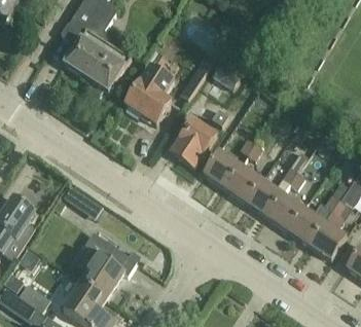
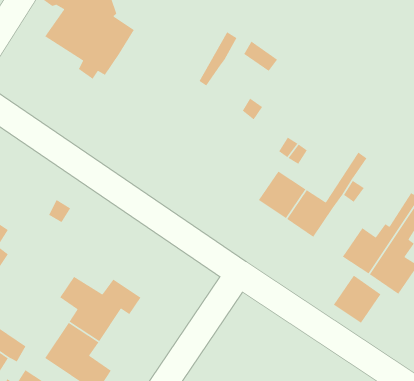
building: [125,64,176,123] -> none
building: [171,117,216,167] -> none
building: [204,150,241,187] -> none
building: [267,193,304,230] -> [333,275,382,324]

